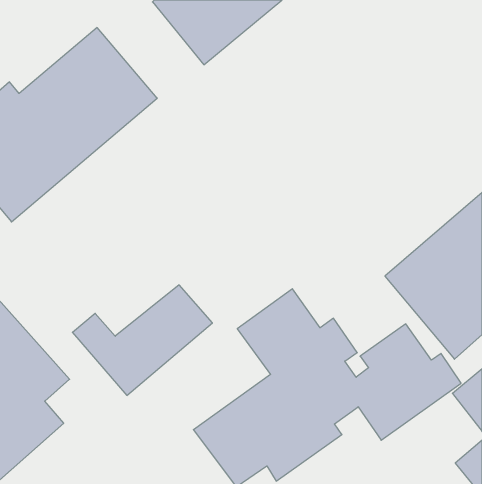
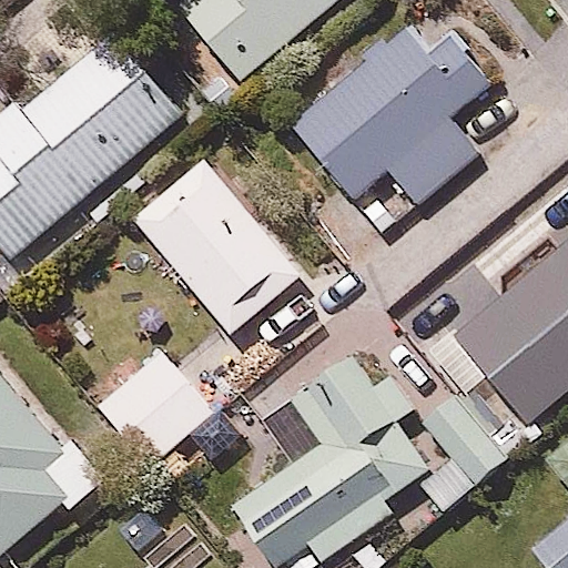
building: none -> [287,23,498,211]
building: none -> [128,153,307,341]

